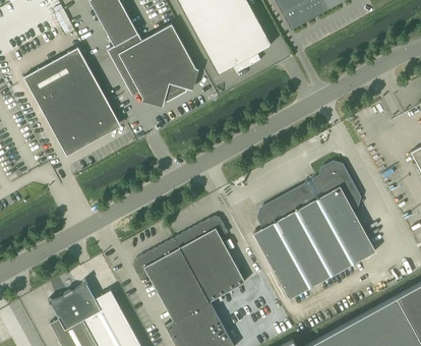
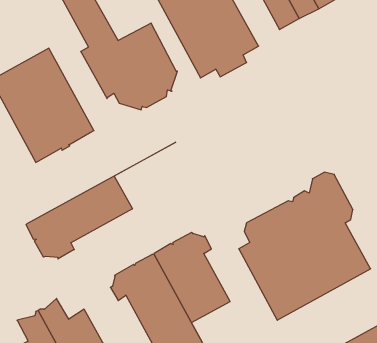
building: none -> [26,142,176,259]

